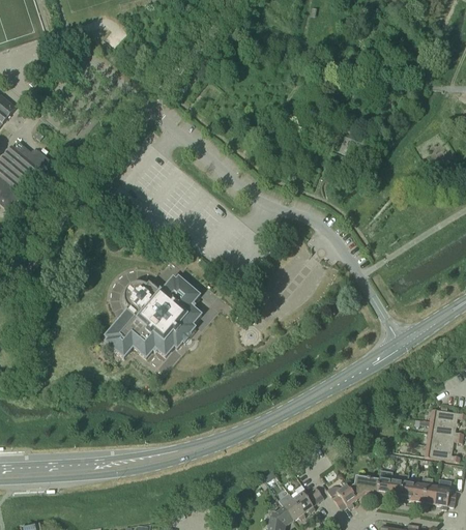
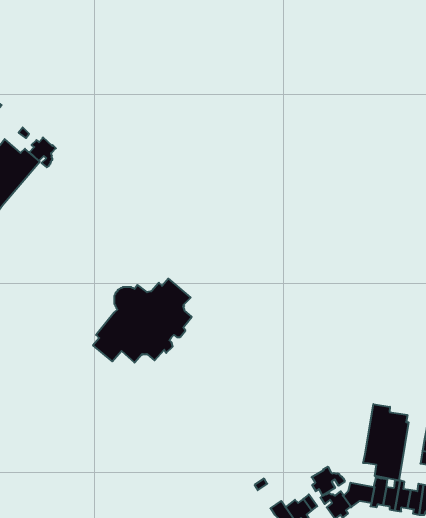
building: none -> [29,137,56,167]
building: none -> [363,404,409,481]
building: none -> [312,467,345,496]

